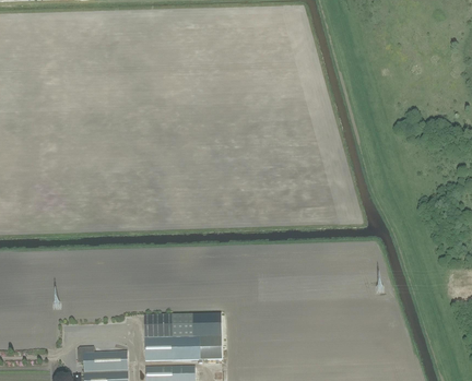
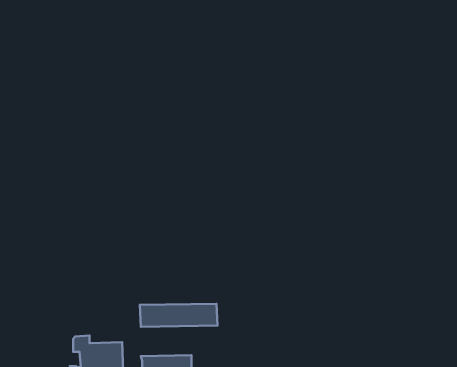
building: [145,335,223,361] -> none

